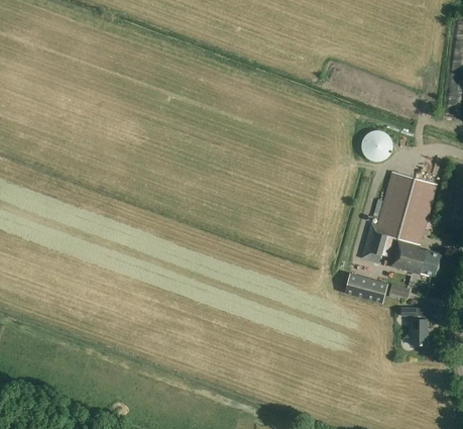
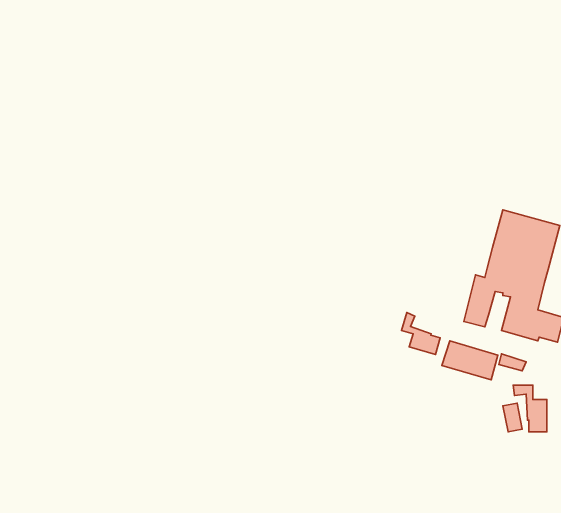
building: [361,129,393,160] -> none
building: none -> [402,313,440,354]

